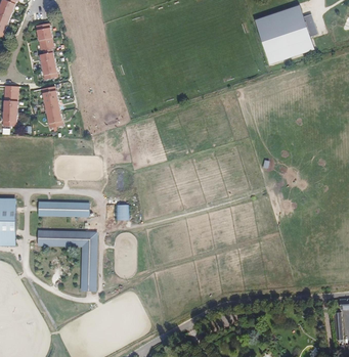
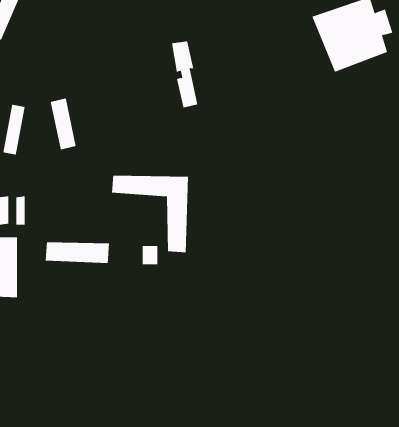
building: [36,24,57,78] -> [171,41,198,108]
building: [36,230,98,293] -> [111,175,189,253]

